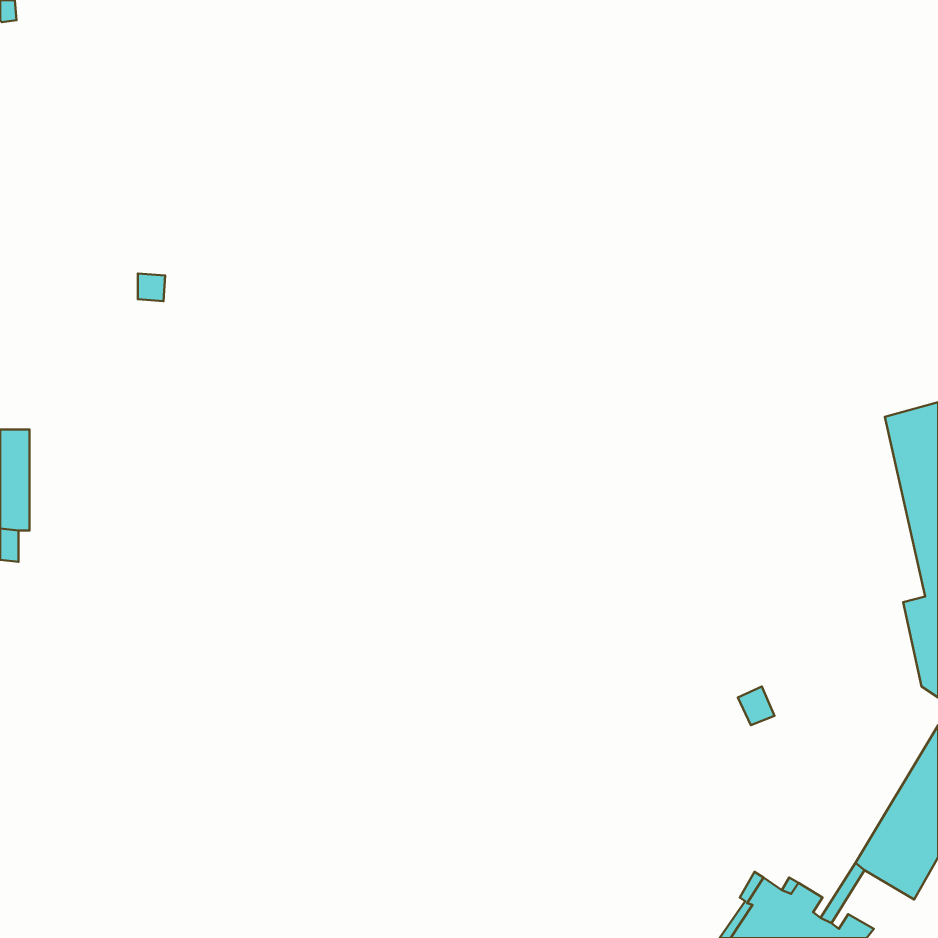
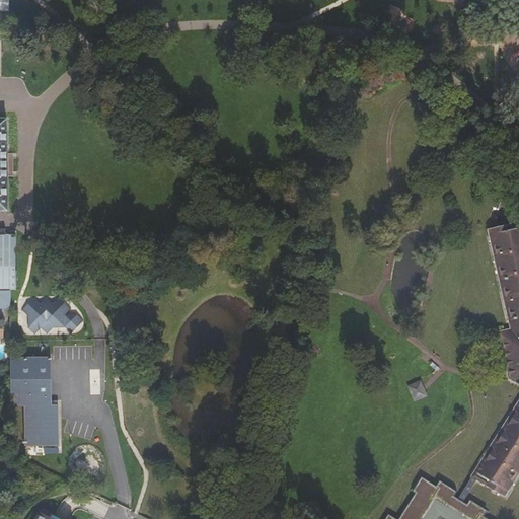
building: none -> [21,298,83,335]
building: none -> [11,358,58,446]

